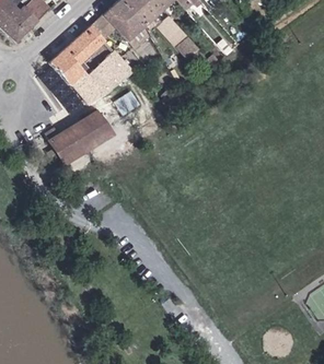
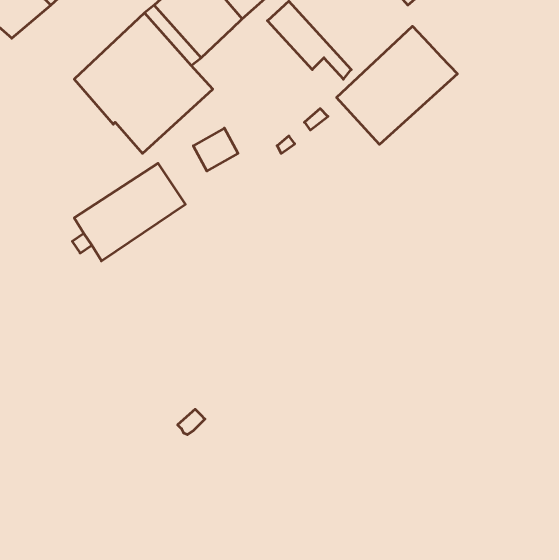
building: none -> [337,26,457,144]

